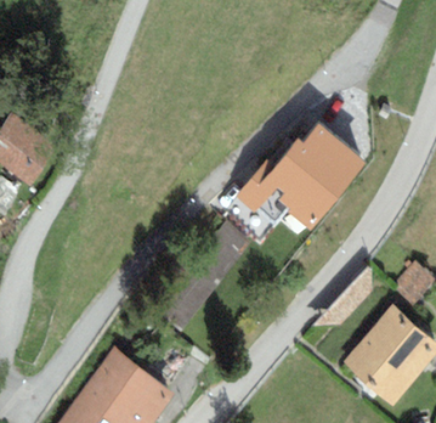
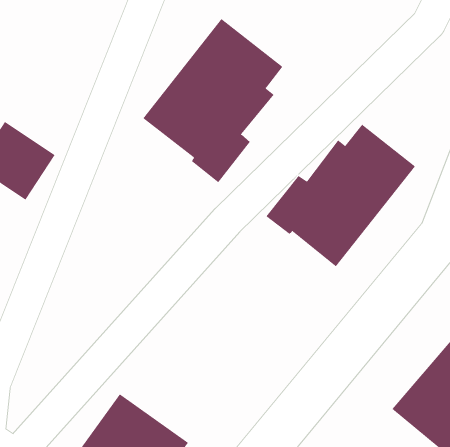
building: none -> [142,18,283,183]

